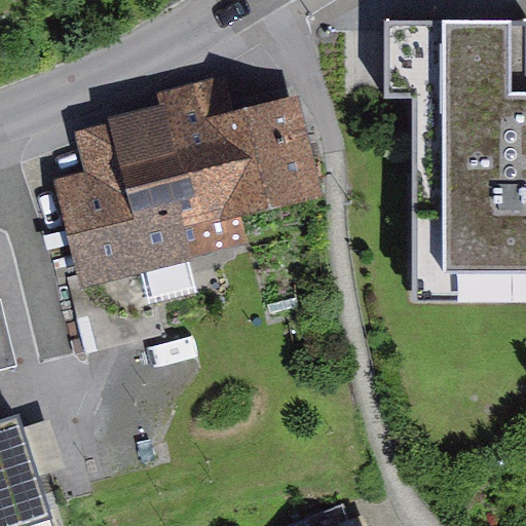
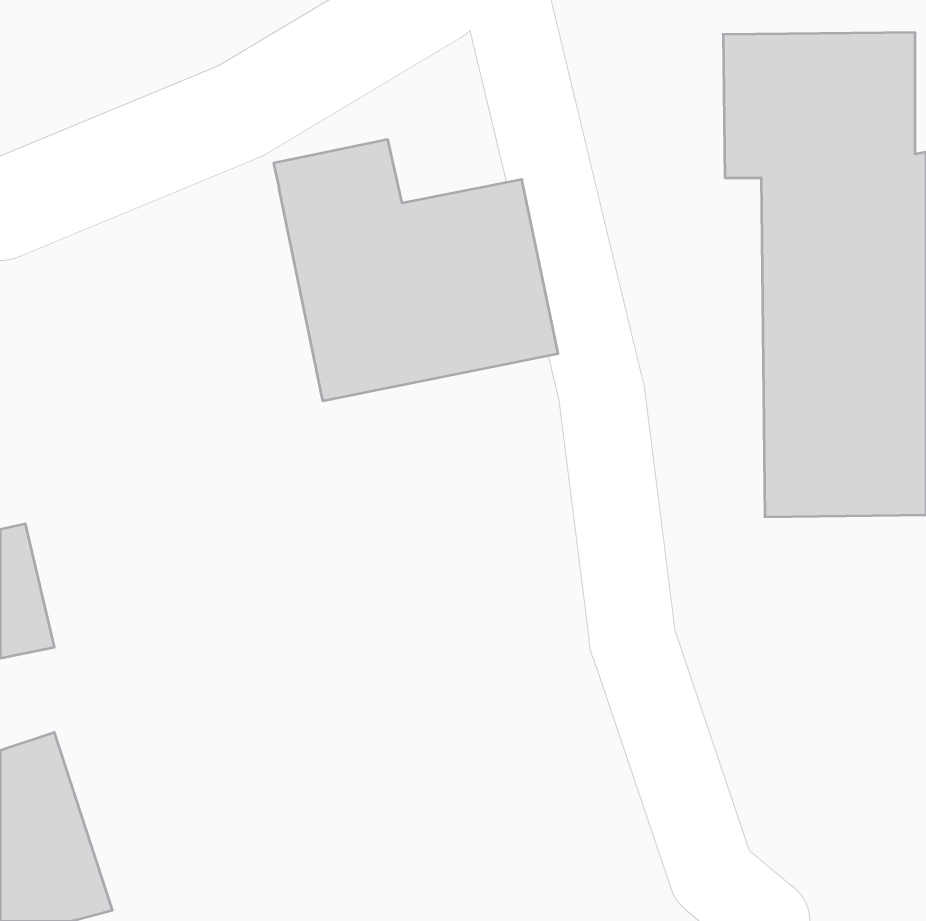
building: [55,108,189,284] -> none

